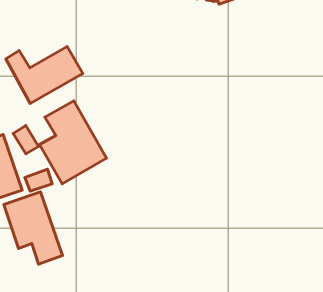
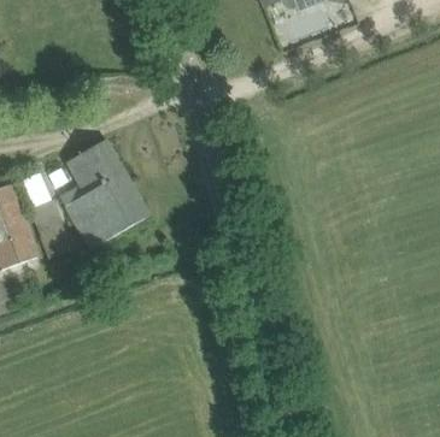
building: [6,47,83,104] -> none
building: [4,192,62,264] -> none

